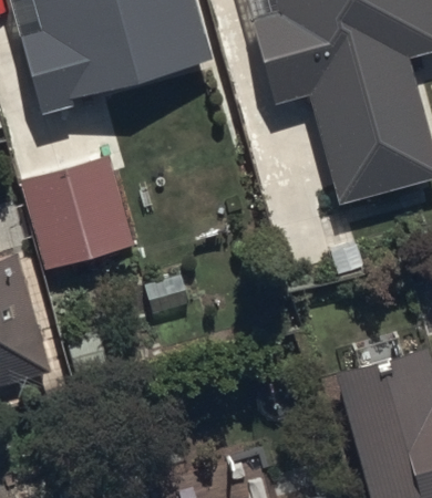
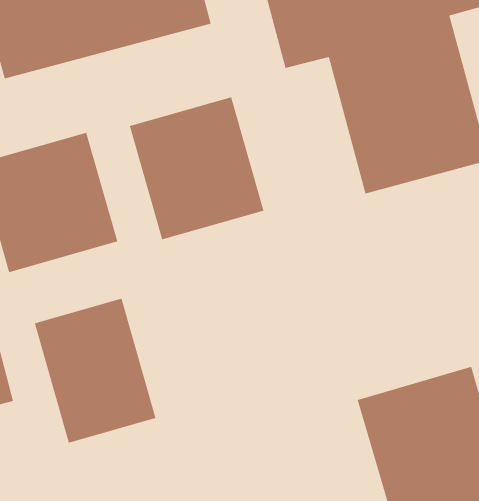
building: none -> [129,96,264,240]
building: none -> [34,298,156,443]

